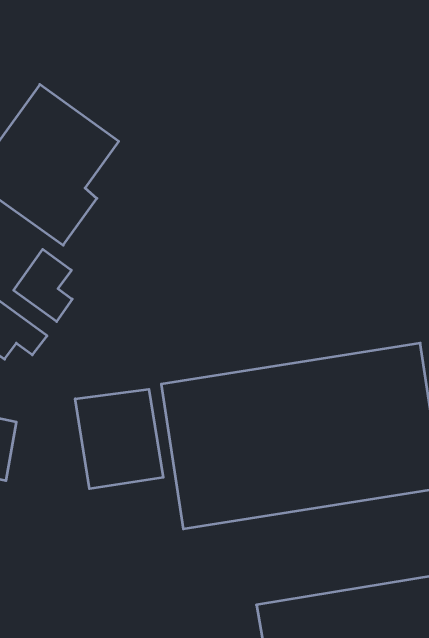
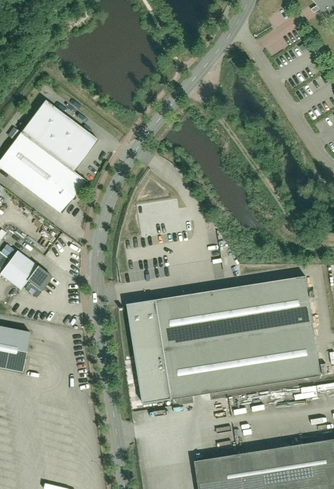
building: [14,249,72,322] -> none
building: [75,389,163,489] -> none

